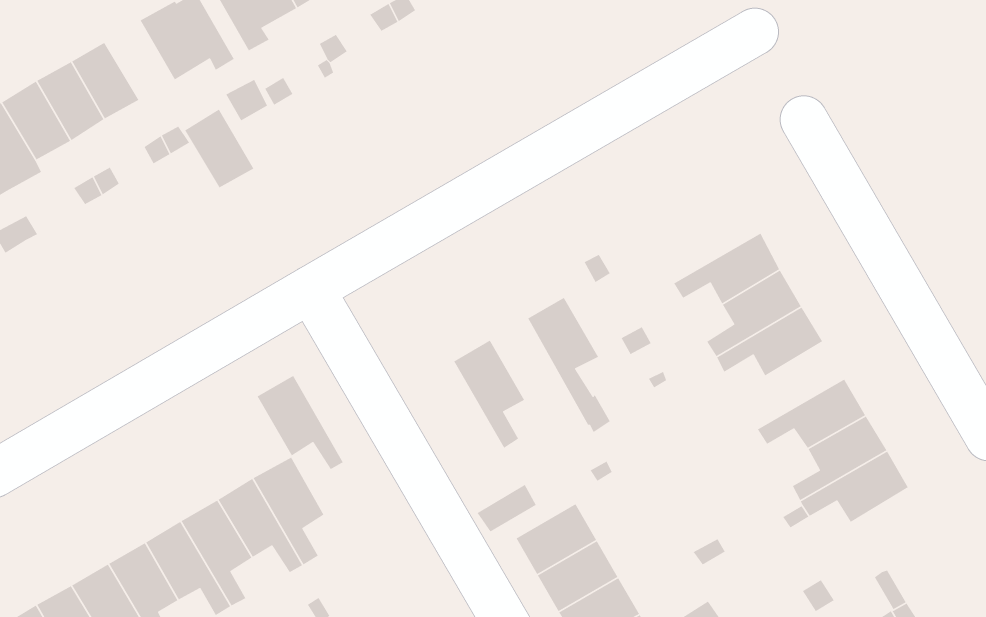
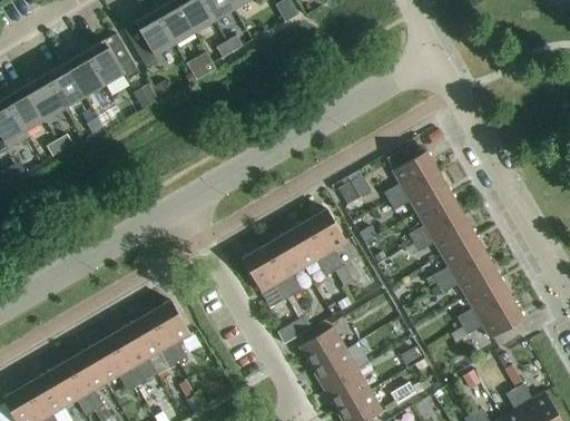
building: [184,109,254,188] -> [65,50,105,96]
building: none -> [384,144,440,200]
building: none -> [285,221,341,285]
building: none -> [433,234,488,284]
building: [256,375,344,470] -> [243,245,293,300]

